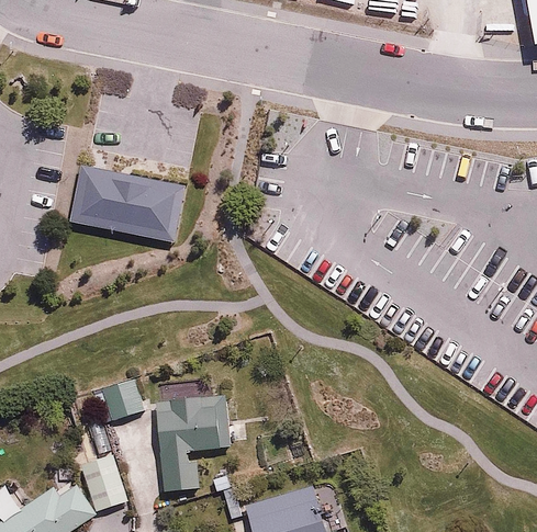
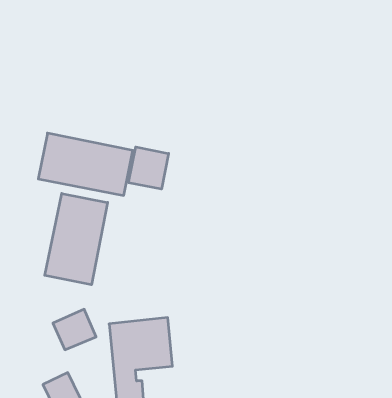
building: none -> [129,147,169,189]
building: none -> [45,193,108,285]

